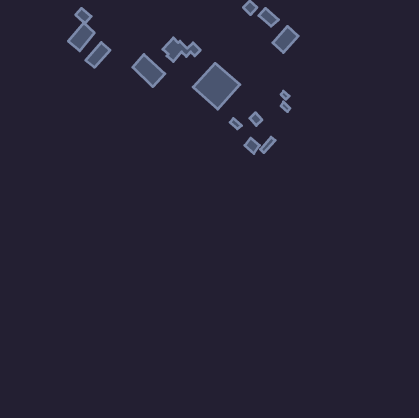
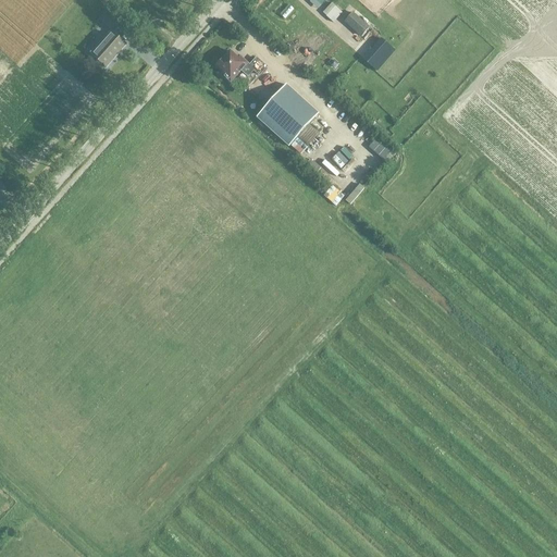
building: [86,42,110,67] -> none
building: [133,54,165,87] -> none

